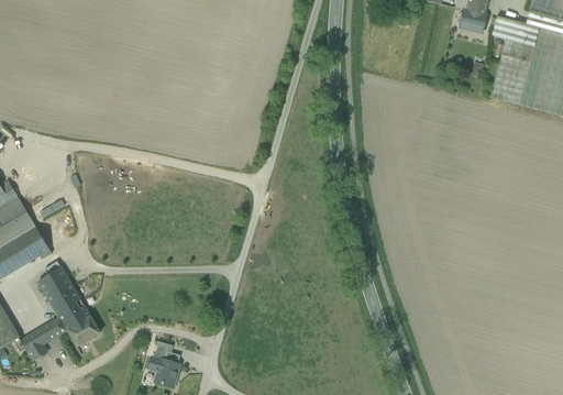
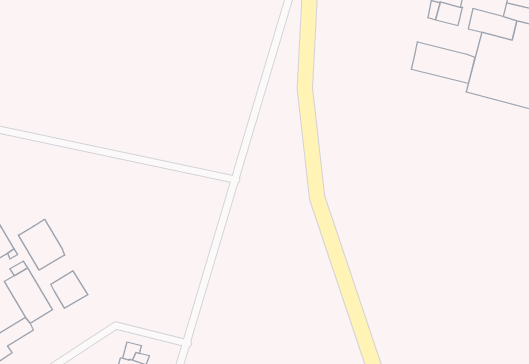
building: none -> [411,42,475,84]
building: none -> [18,219,65,270]
building: [64,308,100,344] -> [51,271,88,308]

